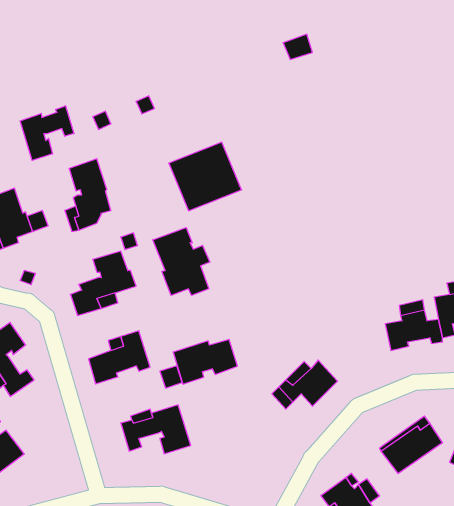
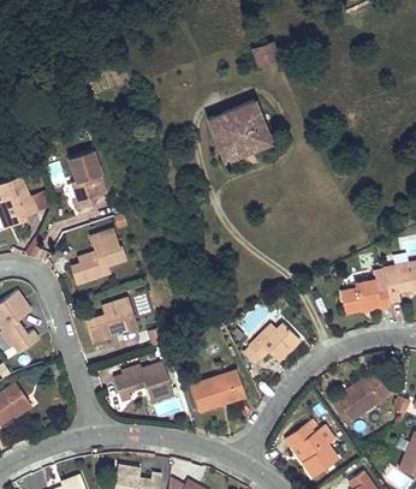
building: [20,106,74,160] -> none
building: [169,142,242,211] -> [208,102,271,161]
building: [153,228,210,295] -> none
building: [173,339,237,384] -> [190,374,245,412]

